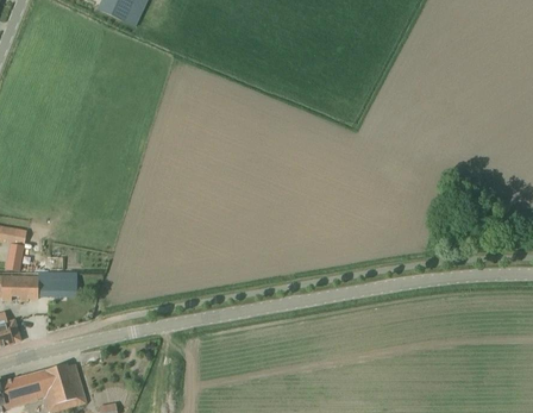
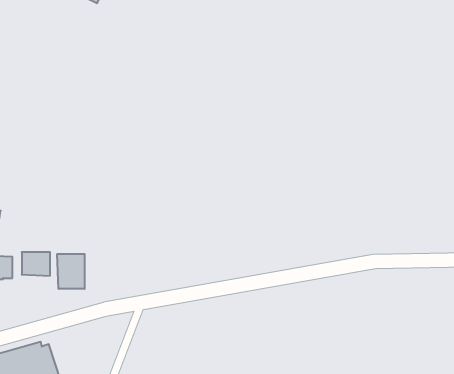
building: none -> [57,254,85,289]

